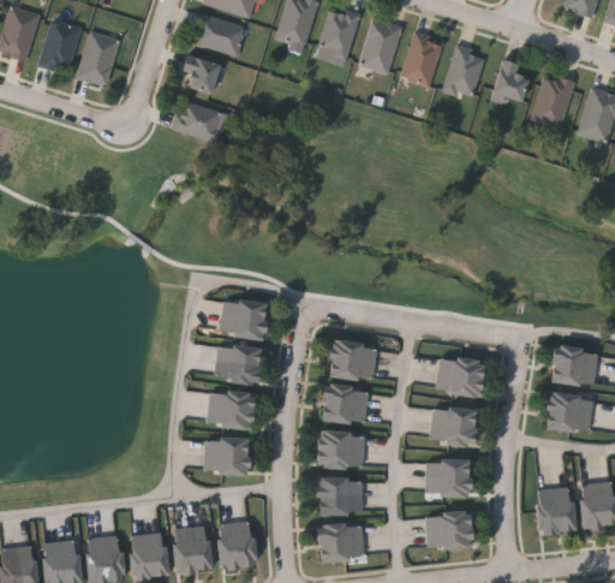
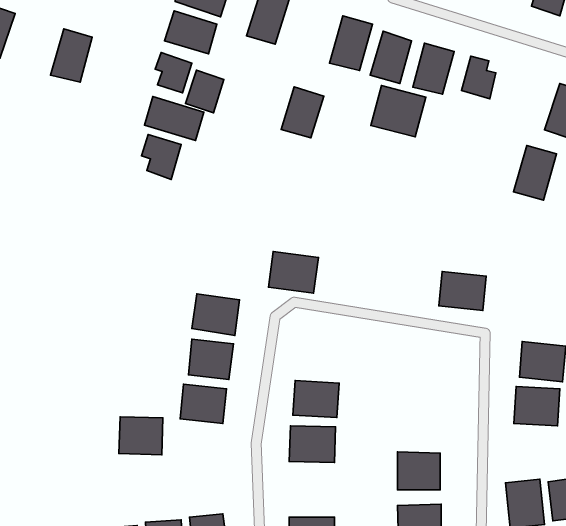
building: [317,6,360,58] -> [281,87,324,138]
building: [38,19,80,72] -> none
building: none -> [185,70,224,113]
building: [531,72,574,127] -> [514,145,556,200]
building: none -> [371,86,426,137]
building: none -> [142,134,181,179]
building: [327,340,377,382] -> [269,252,318,293]
building: [436,357,484,397] -> [439,271,486,311]
building: [431,406,476,445] -> none
building: [205,436,250,475] -> [119,417,163,455]
building: [318,477,364,514] -> none

